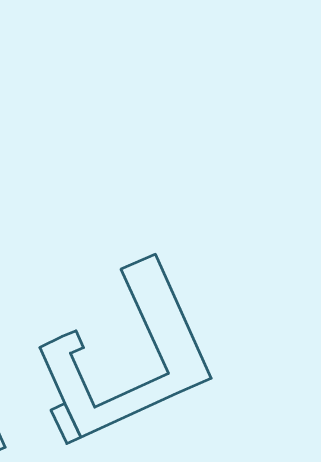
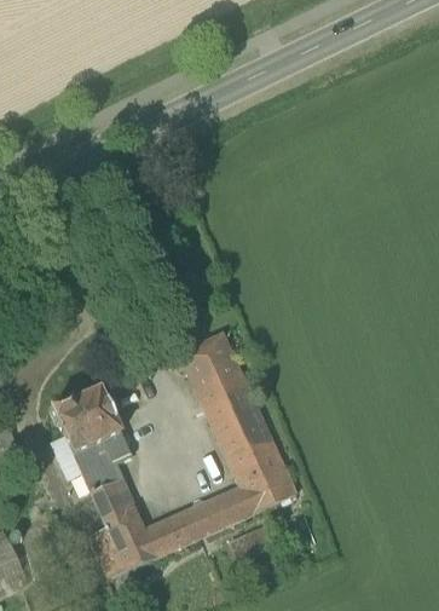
building: none -> [48,388,120,455]

